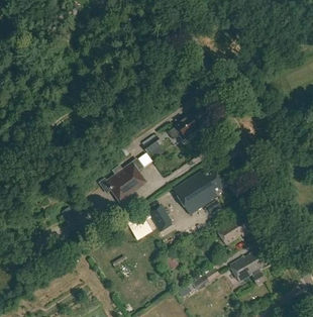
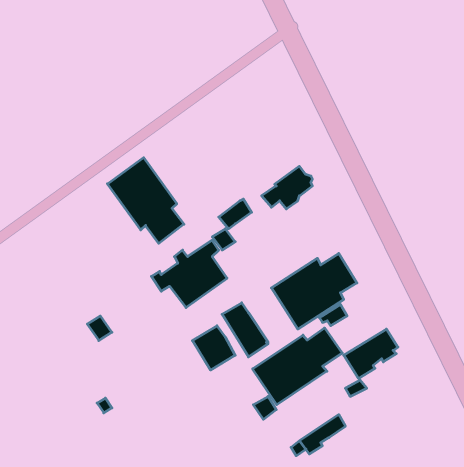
building: none -> [107,158,184,243]
building: none -> [253,328,342,405]
building: [230,249,270,285] -> none

